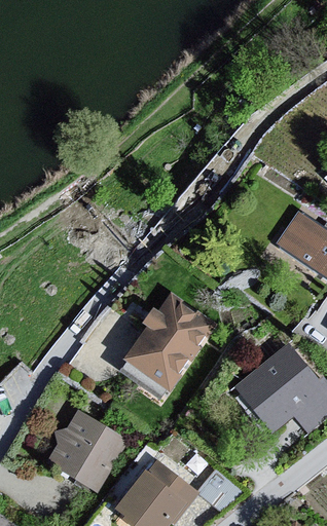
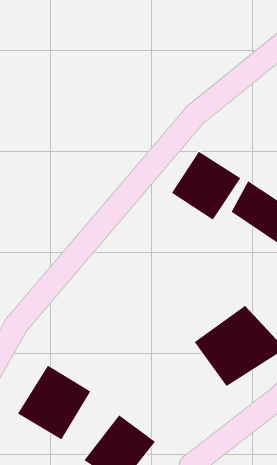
building: none -> [171,151,241,221]
building: [126,293,213,388] -> none

